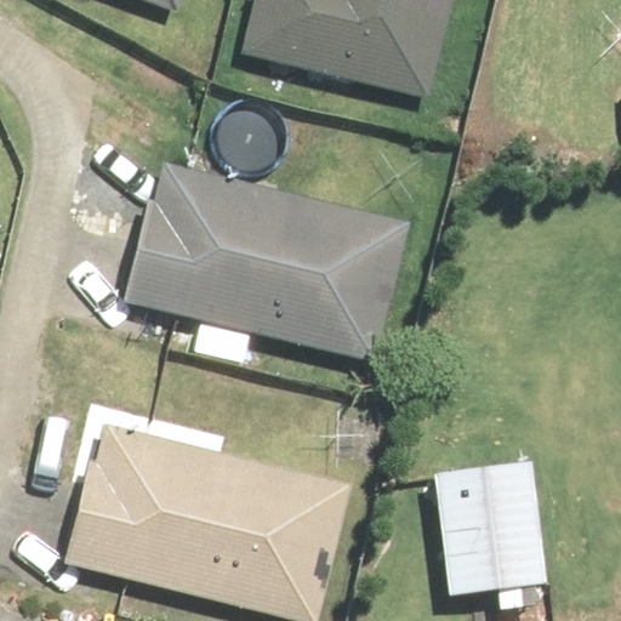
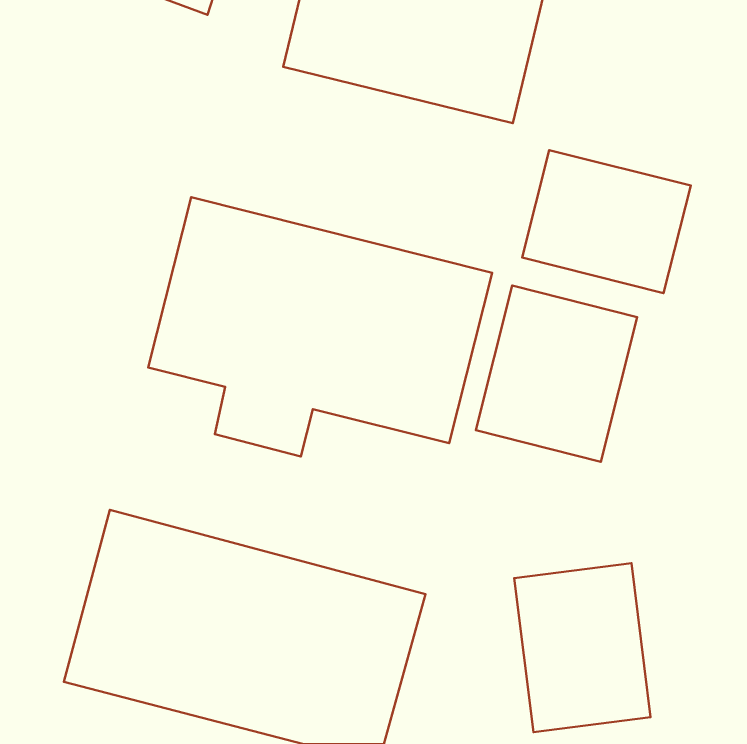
building: none -> [522,150,691,293]
building: none -> [476,285,637,462]

